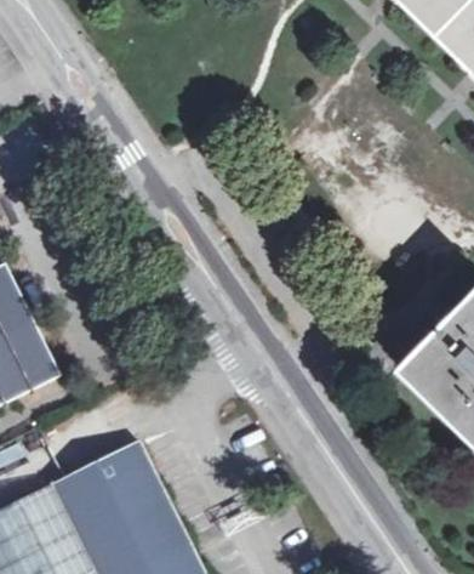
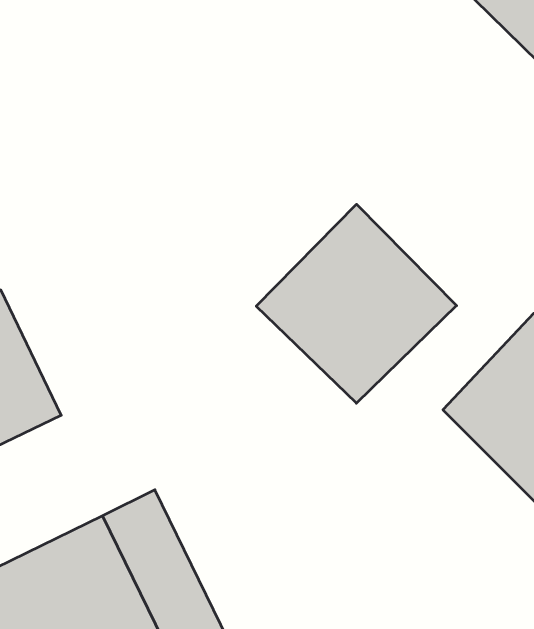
building: none -> [256,204,457,403]

